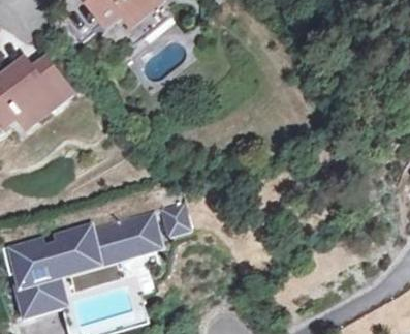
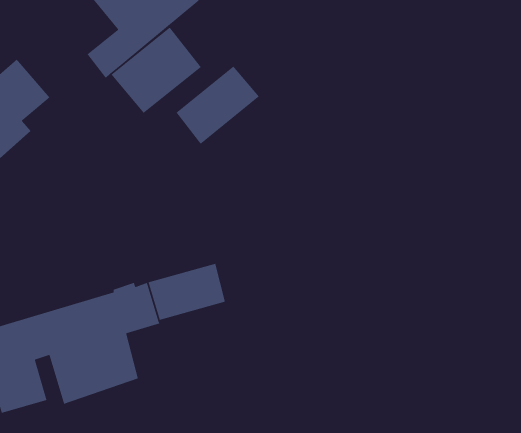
building: none -> [111,26,202,114]
building: none -> [175,66,260,145]

